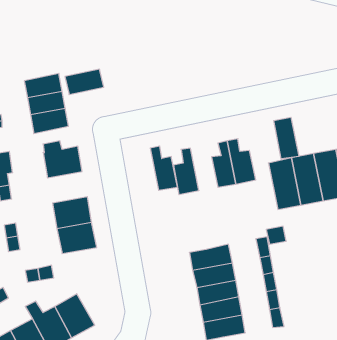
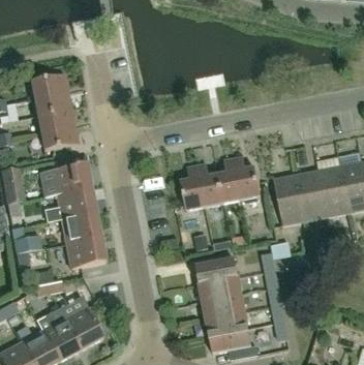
building: [65,69,104,95] -> [29,72,67,97]
building: [274,117,299,159] -> none
building: [150,146,178,190] -> [196,161,223,205]
building: none -> [44,186,95,220]

